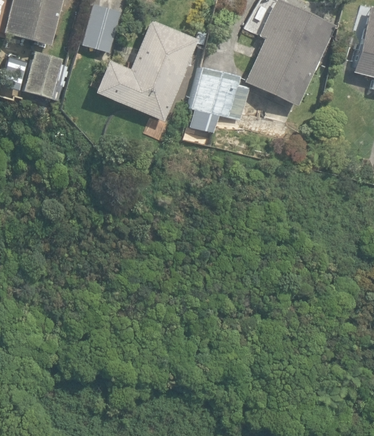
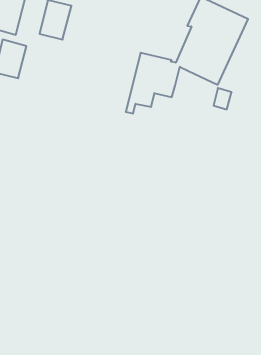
building: [95,20,198,120] -> none

